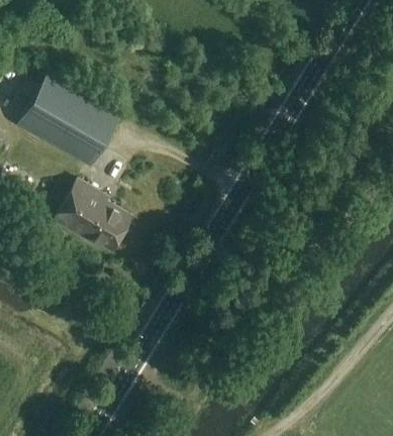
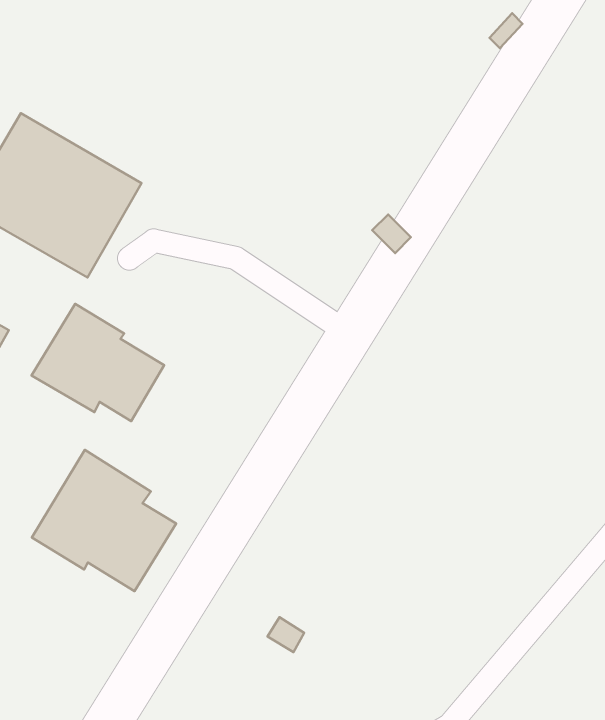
building: none -> [32,450,176,591]

